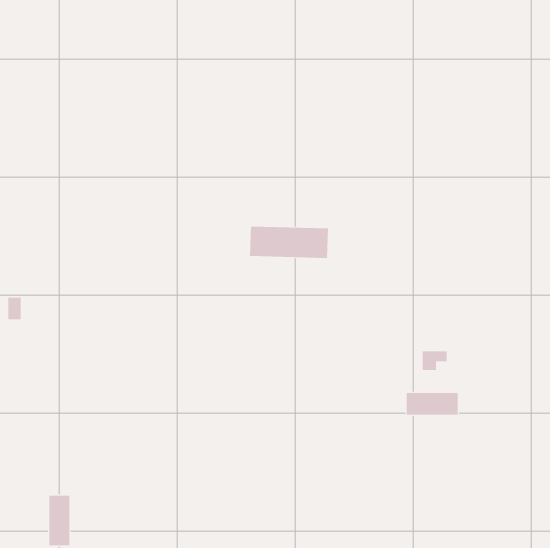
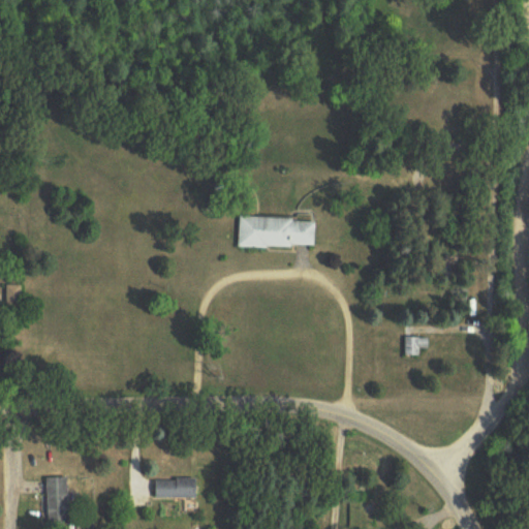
building: [406,392,458,415] -> none
building: none -> [155,477,195,496]

